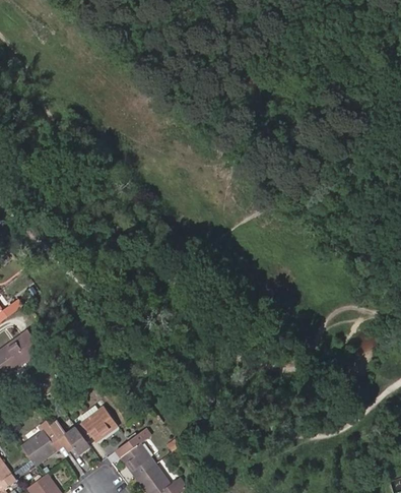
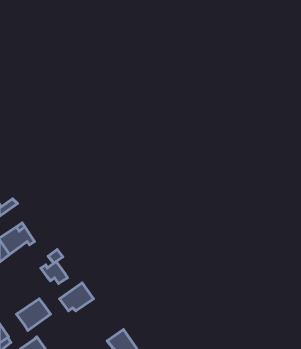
building: [56,425,89,452] -> [41,262,68,283]
building: [120,434,155,478] -> none

